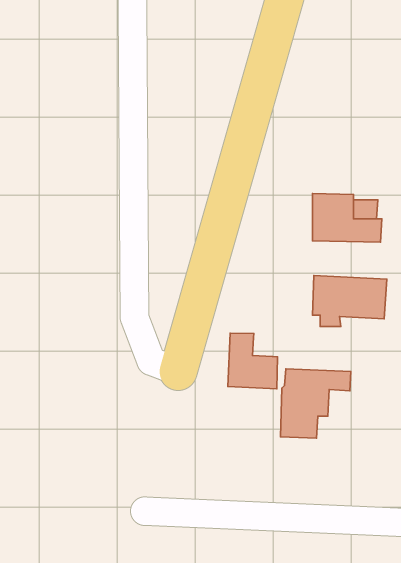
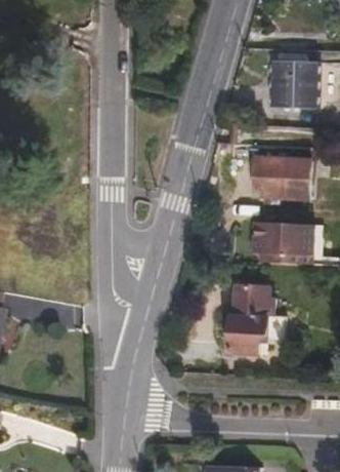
building: none -> [271,61,317,107]
building: [228,333,278,389] -> none

